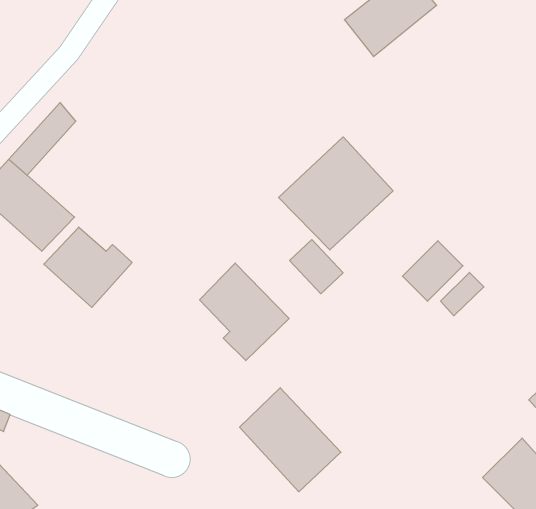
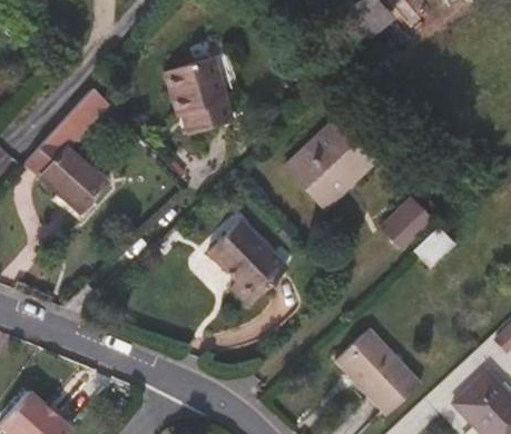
building: none -> [161,56,236,135]
building: [44,227,132,307] -> none
building: [290,240,343,294] -> none
building: [240,388,341,492] -> [333,328,419,416]

